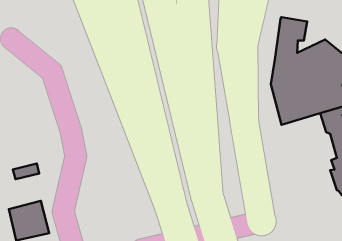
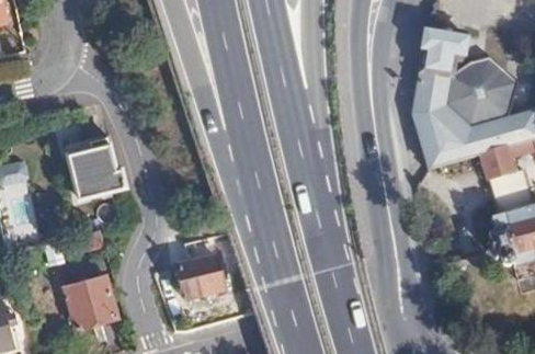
building: none -> [66,136,128,197]
building: none -> [179,256,227,300]

